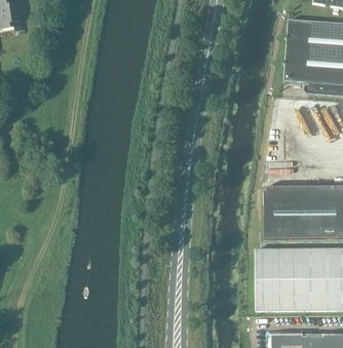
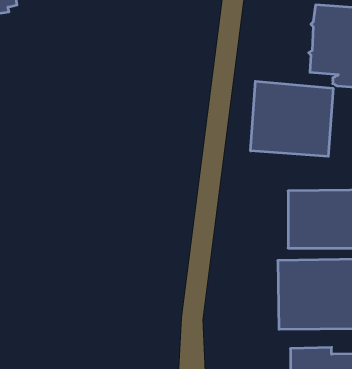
building: none -> [251,81,333,156]

